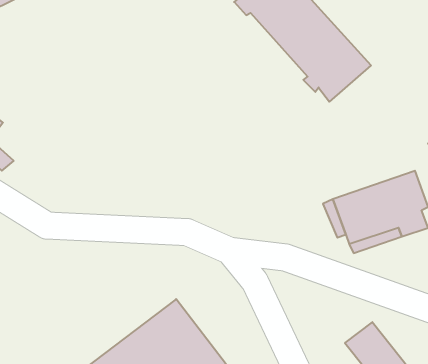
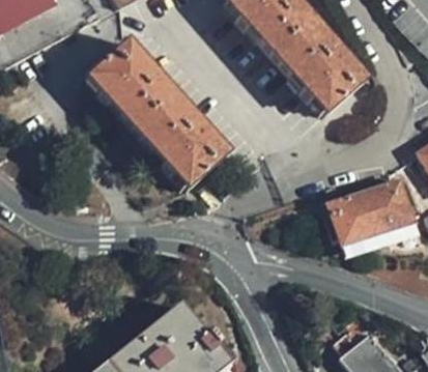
building: none -> [83,45,224,192]

